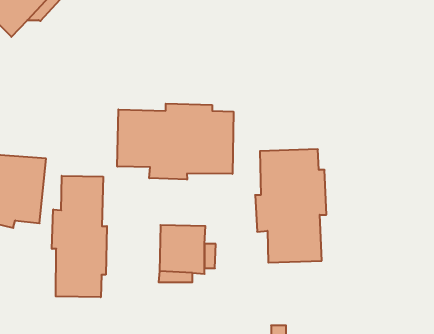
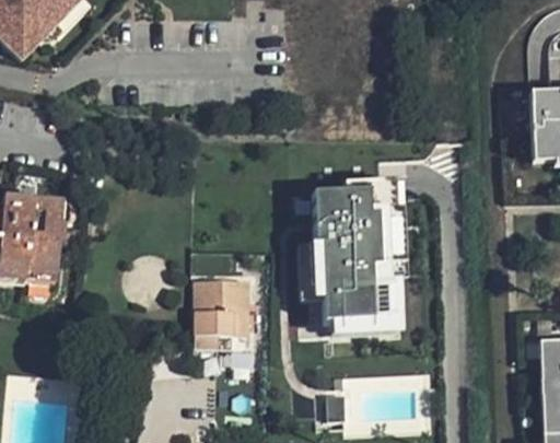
building: [117,104,233,180] -> none
building: [52,176,107,297] -> none

